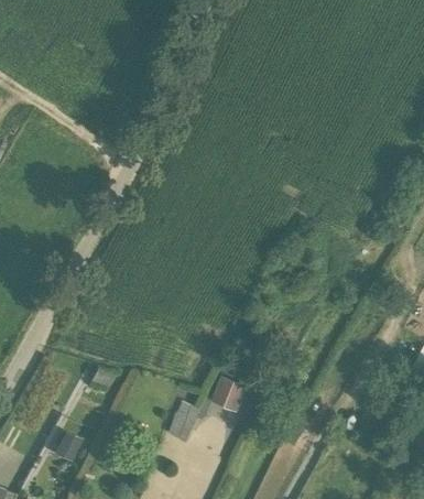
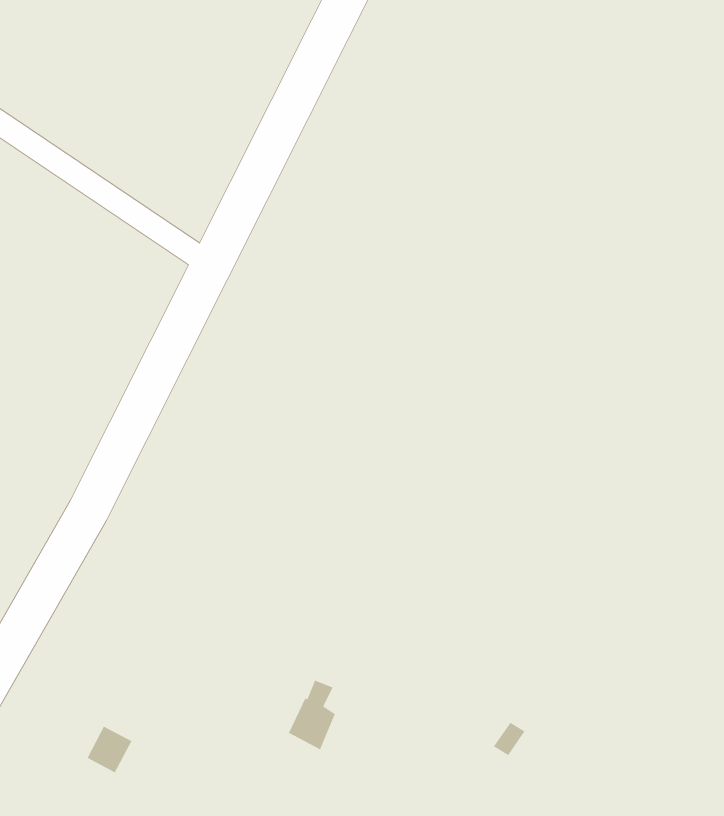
building: [215,380,247,412] -> none

